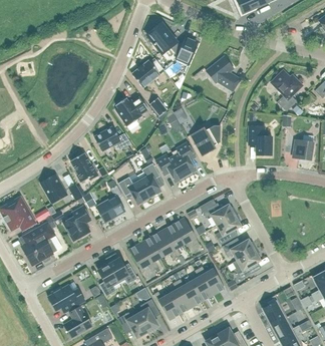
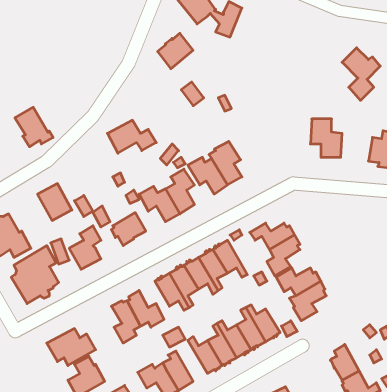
building: [207,56,241,91] -> none
building: [116,96,148,126] -> none
building: [191,125,221,155] -> none
building: [70,152,99,183] -> [15,107,53,147]

